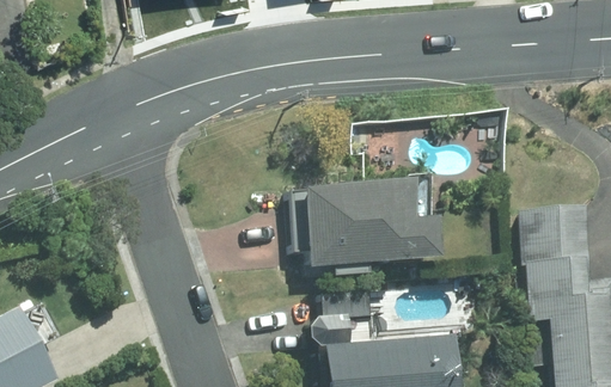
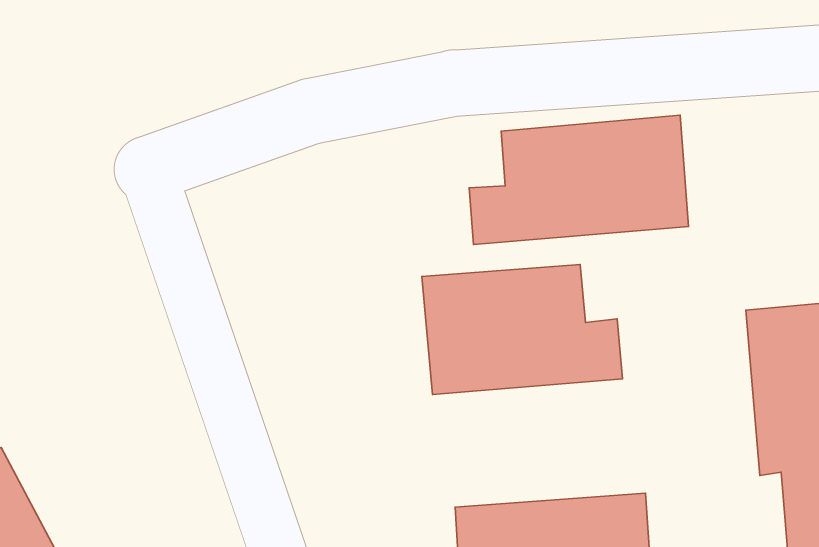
building: none -> [469,115,689,244]

